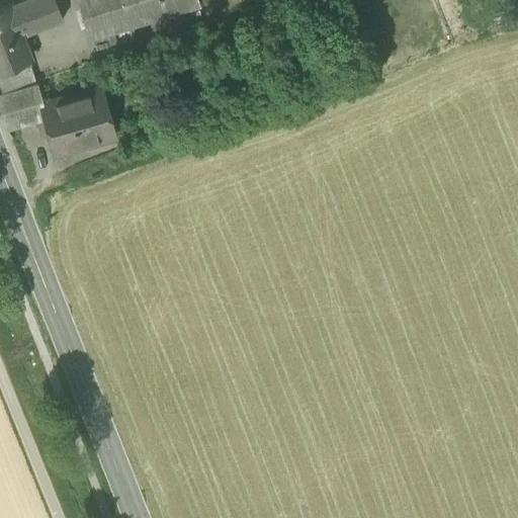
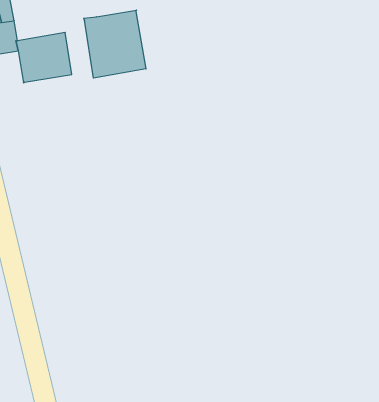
building: none -> [84,10,146,78]

